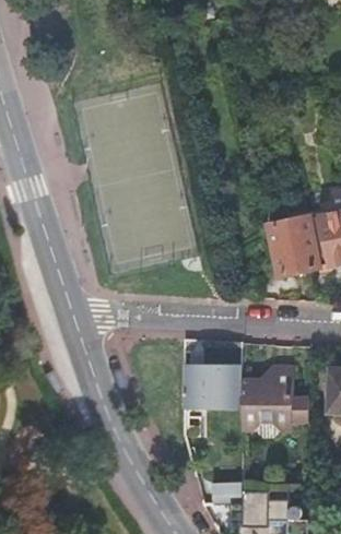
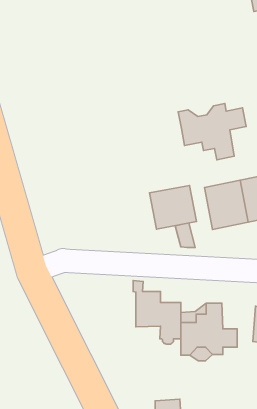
building: none -> [178,104,246,160]
building: none -> [150,185,197,229]

